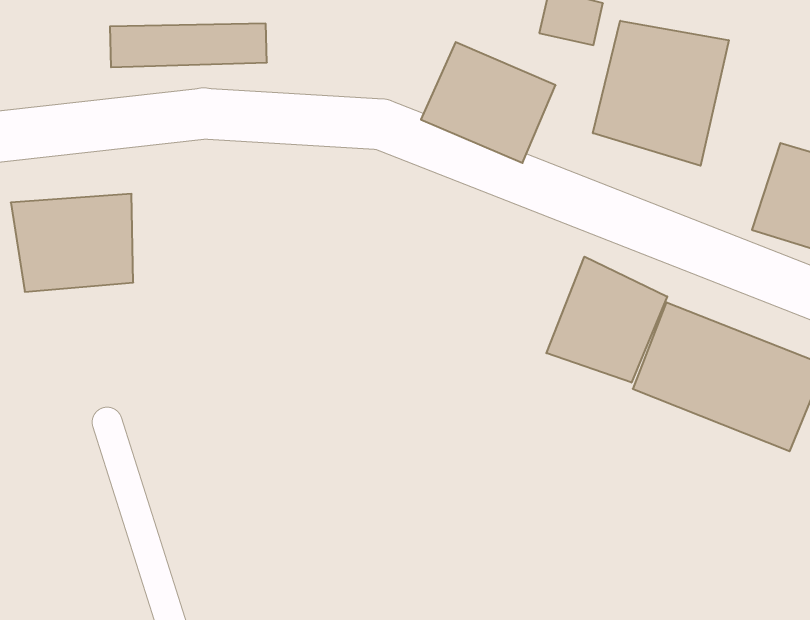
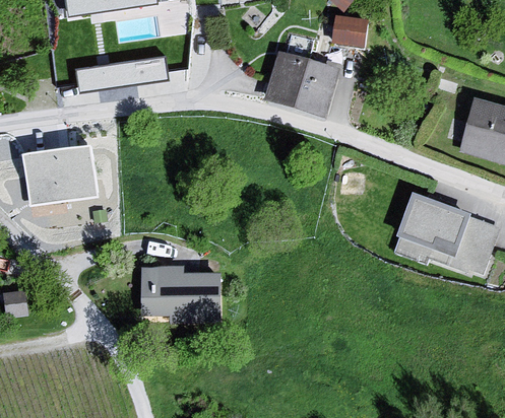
building: [593,21,729,166] -> none
building: [546,257,667,383] -> none
building: none -> [136,265,218,326]

